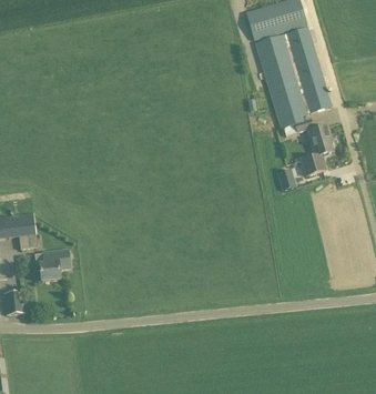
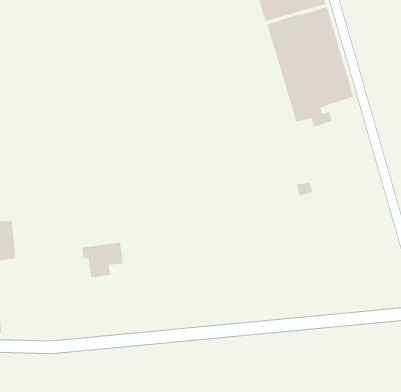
building: [301,125,332,175] -> none
building: [33,250,70,281] -> [82,242,123,278]

